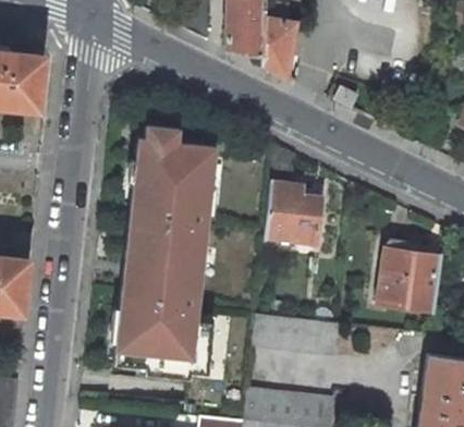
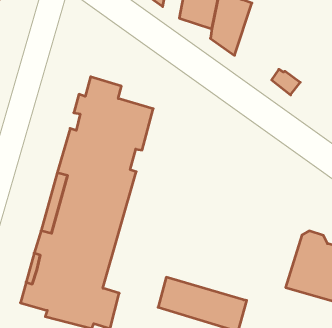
building: [266,146,322,245] -> none

